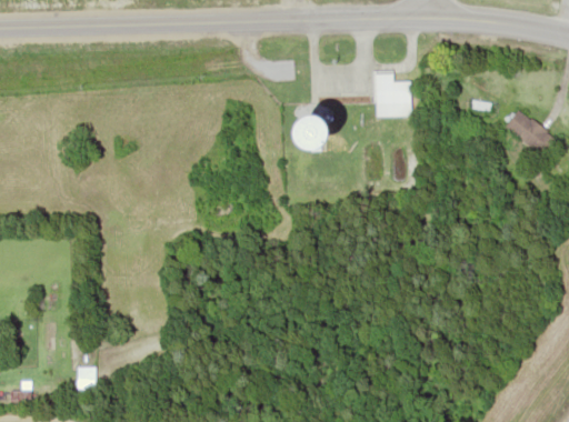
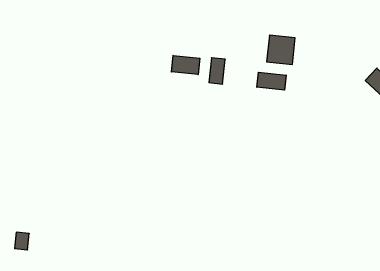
building: none -> [171,55,200,75]
building: none -> [257,72,286,90]

